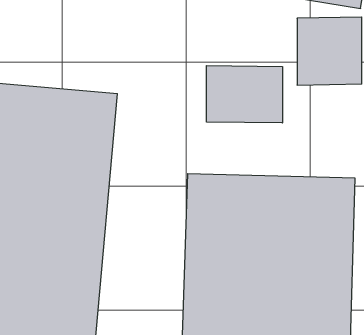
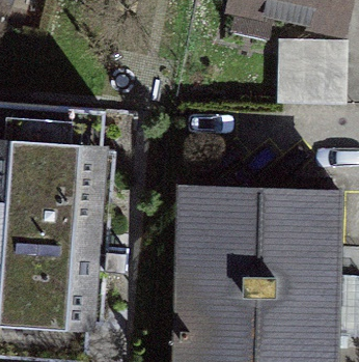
building: [207,66,282,123] -> none

